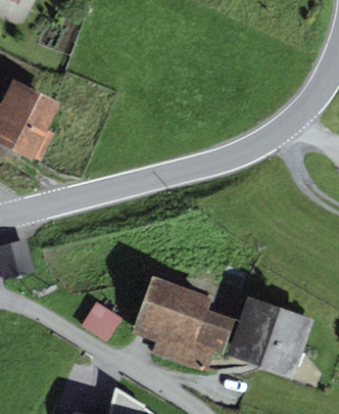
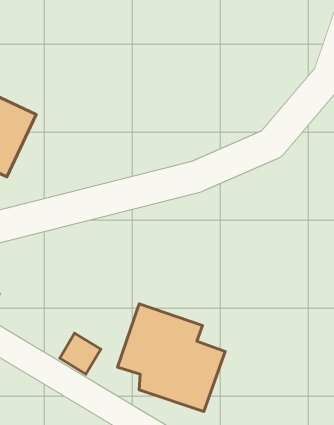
building: [229,298,312,377] -> none

